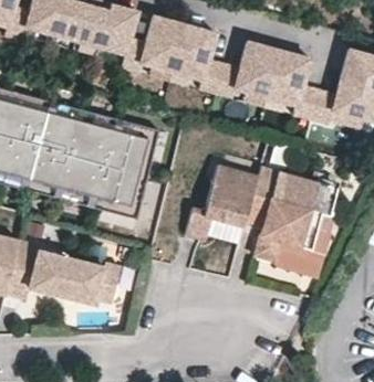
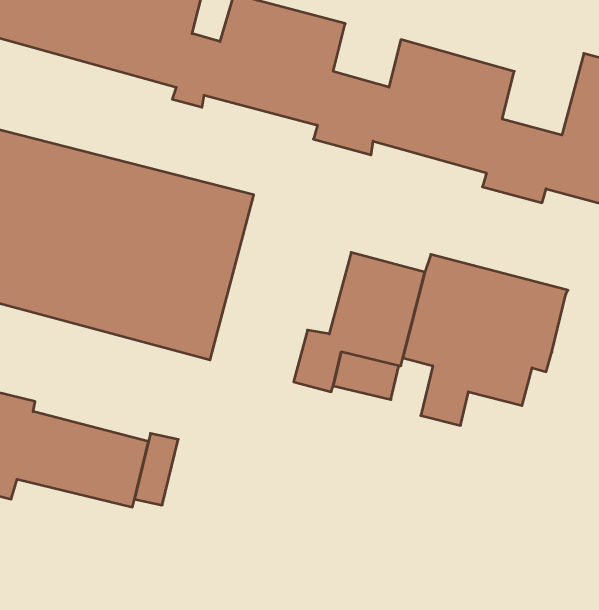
building: [278,216,334,274] -> none

